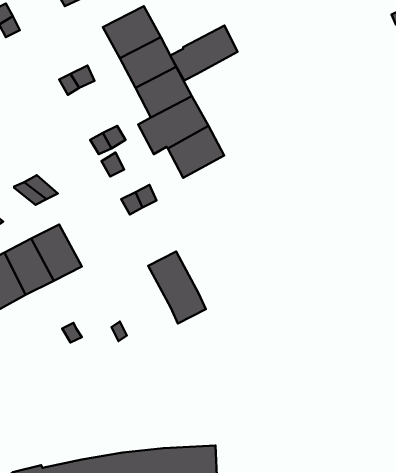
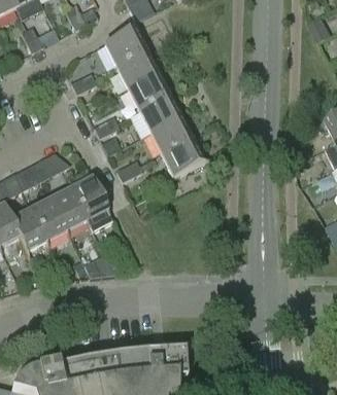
building: [170,26,238,81] -> none
building: none -> [162,138,204,176]
building: [148,252,206,323] -> [71,178,113,230]

